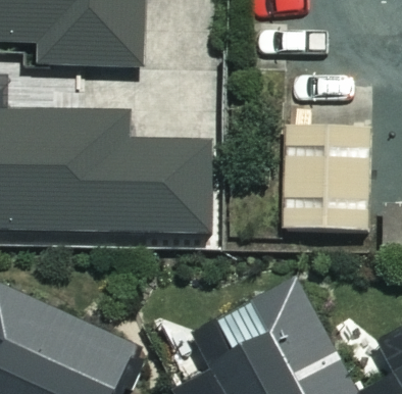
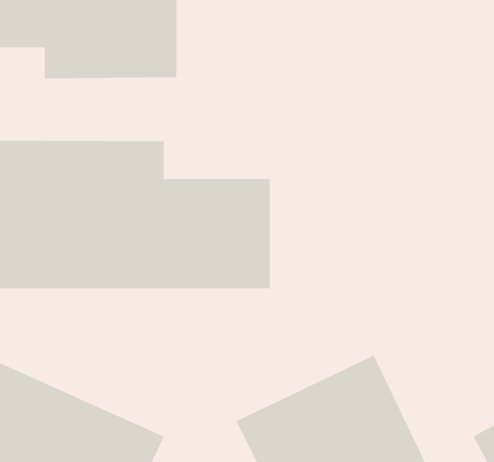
building: [287,155,371,228] -> none

